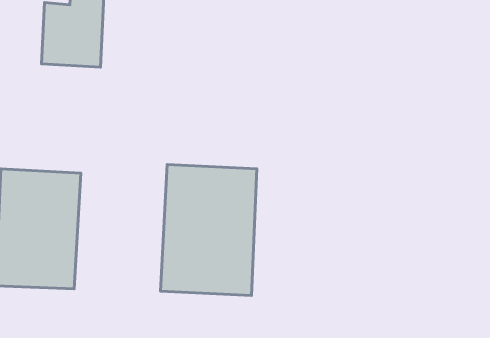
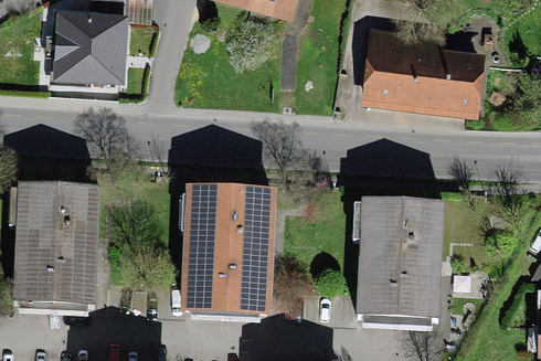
building: none -> [368,39,477,108]
building: none -> [356,202,442,322]

